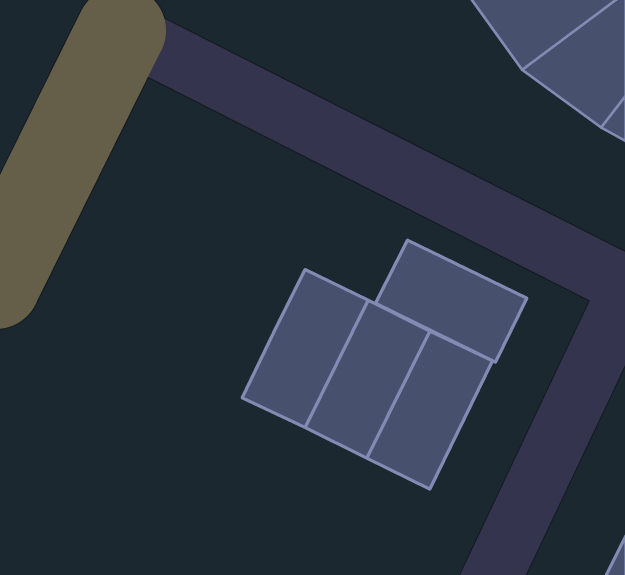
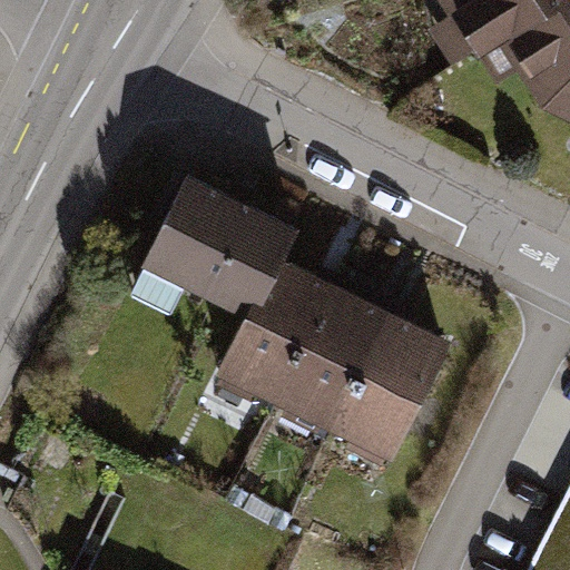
building: none -> [156,183,293,308]
building: [375,240,527,362] -> none

